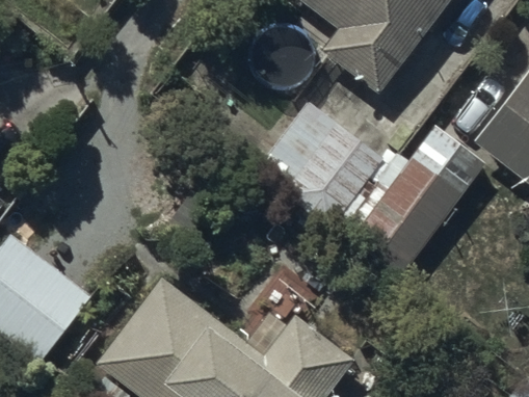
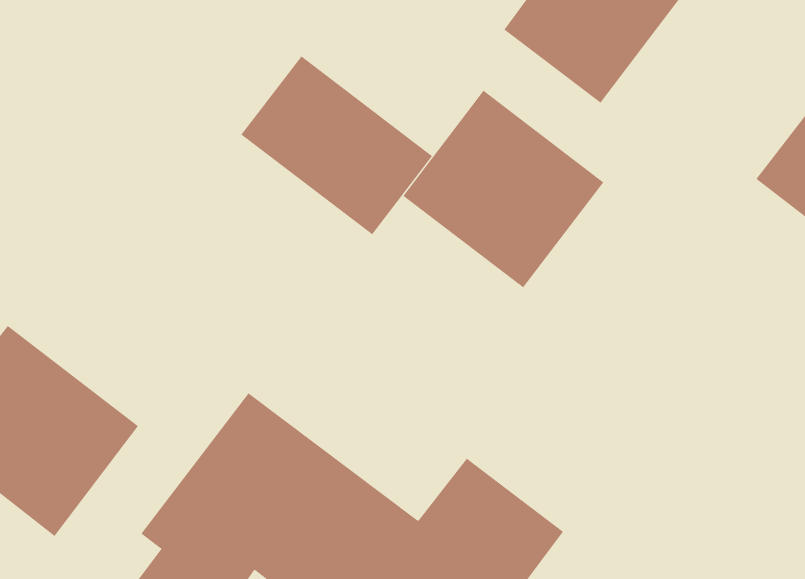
building: none -> [241,56,433,235]
building: [334,117,483,261] -> none

